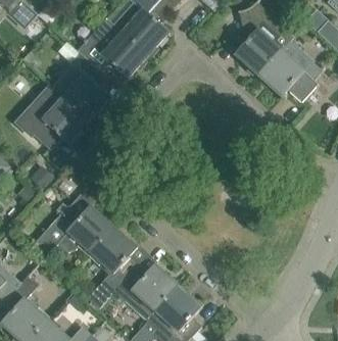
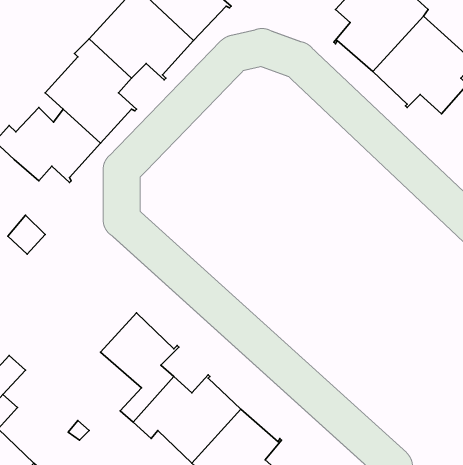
building: [36,204,110,251] -> none

